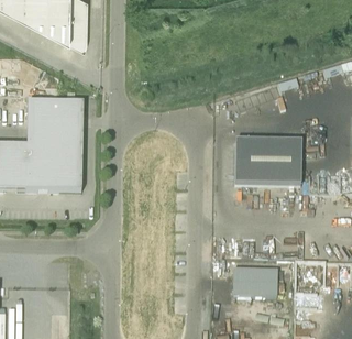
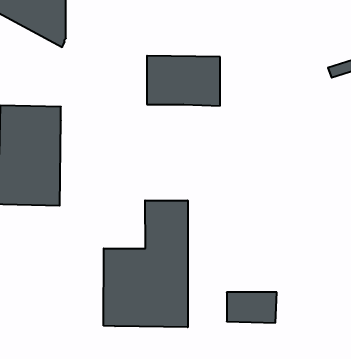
building: [234,141,300,186] -> [147,56,220,106]
building: none -> [104,200,188,327]

